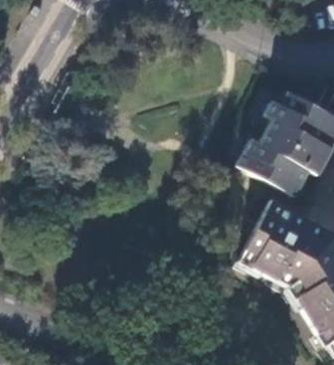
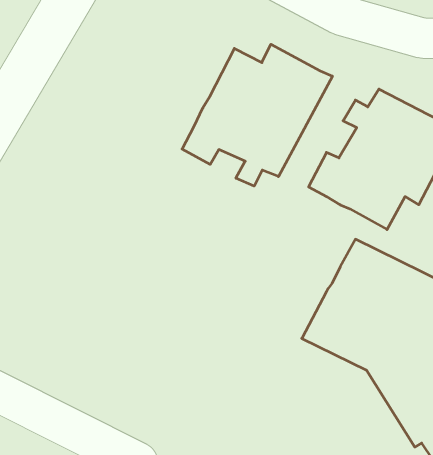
building: none -> [182,44,332,186]

